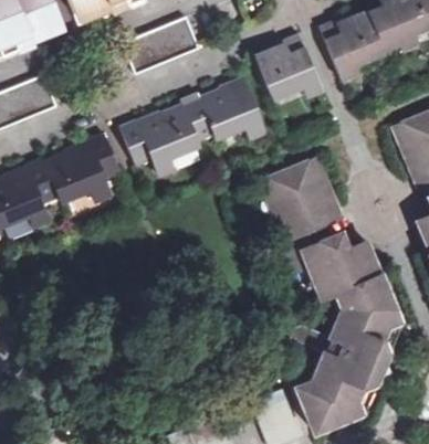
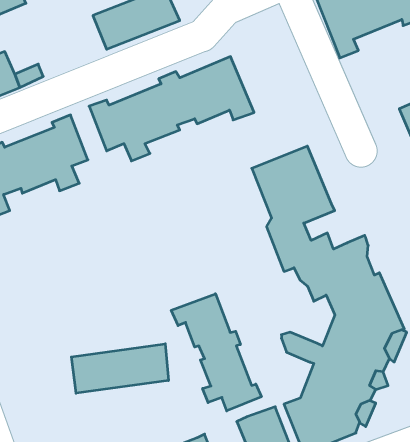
building: [258,34,322,96] -> none
building: none -> [171,294,261,411]
building: none -> [71,344,168,393]

